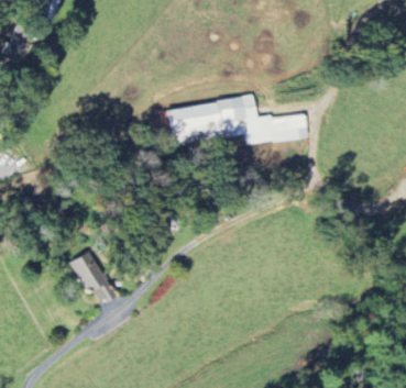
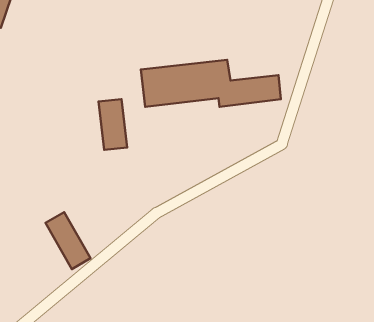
building: none -> [99,99,127,150]

